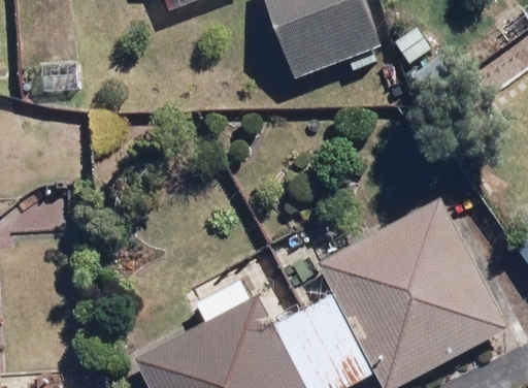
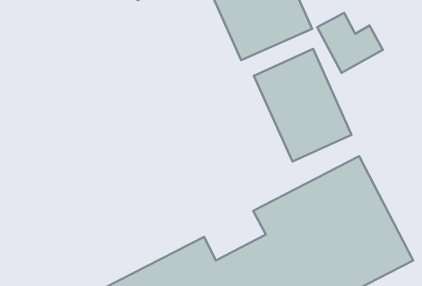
building: none -> [254,49,352,162]

